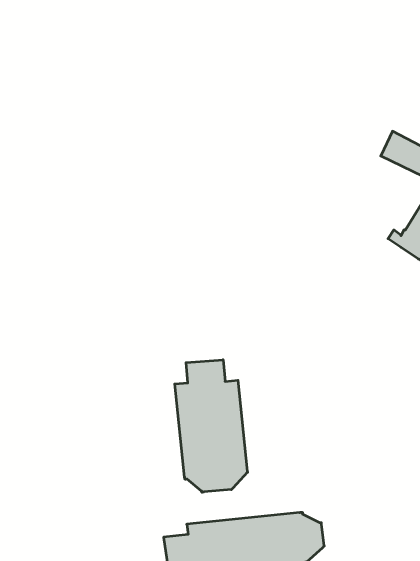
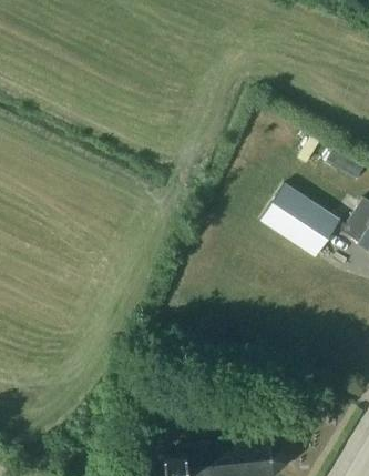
building: none -> [260,185,340,259]
building: [175,360,248,492] -> none

